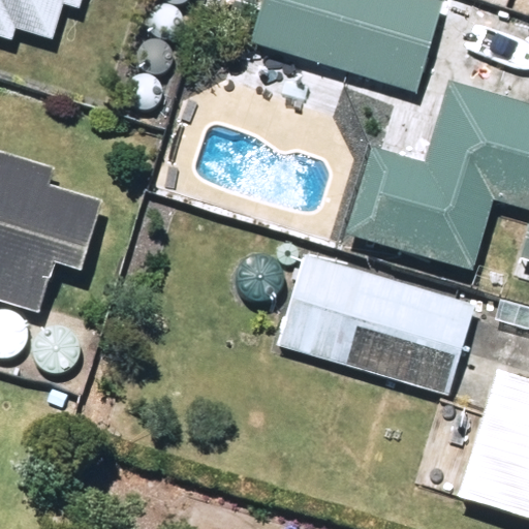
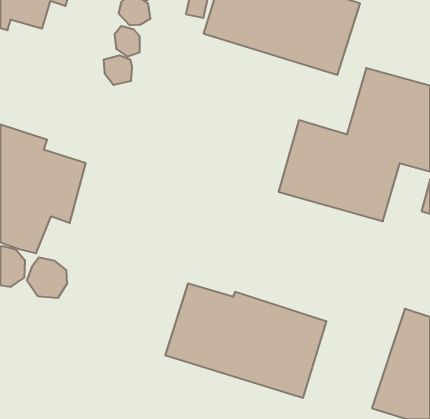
building: [277,253,475,394] -> [165,284,327,398]

